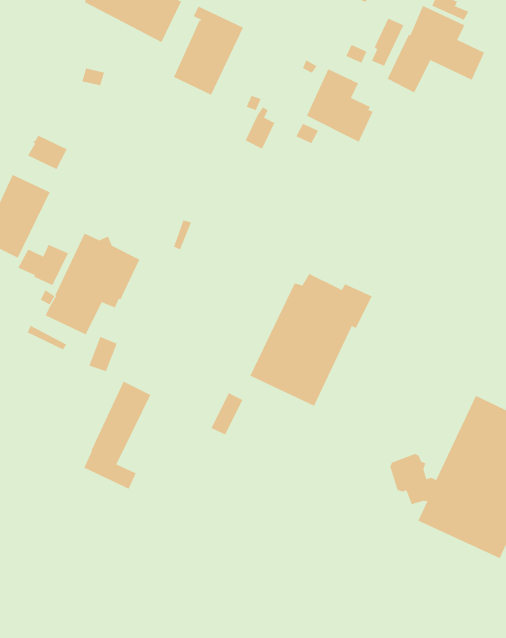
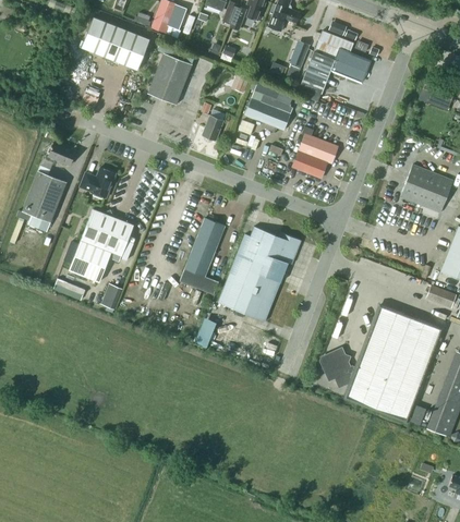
building: none -> [292,126,337,179]
building: [17,244,69,286] -> [80,169,116,198]
building: [83,381,151,490] -> [181,218,226,295]

